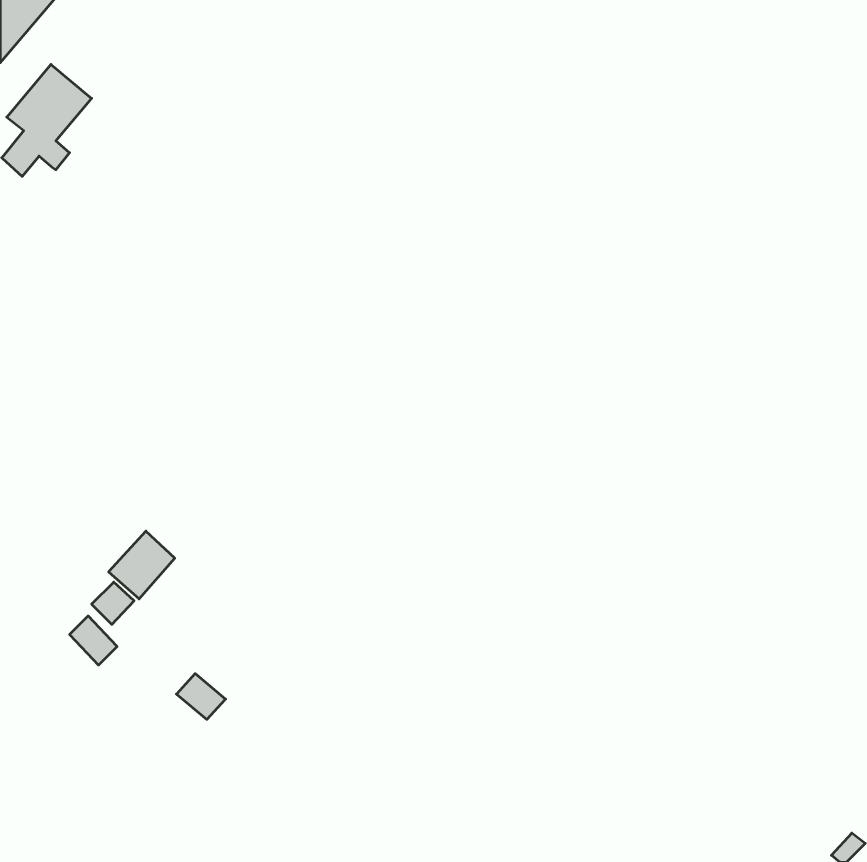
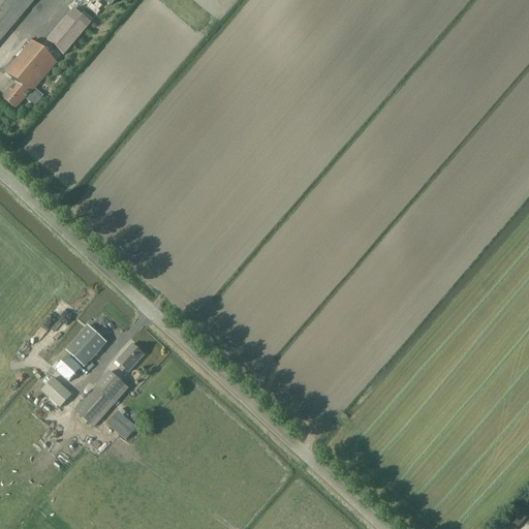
building: none -> [46,7,90,53]
building: none -> [117,341,145,370]
building: none -> [76,370,129,425]

